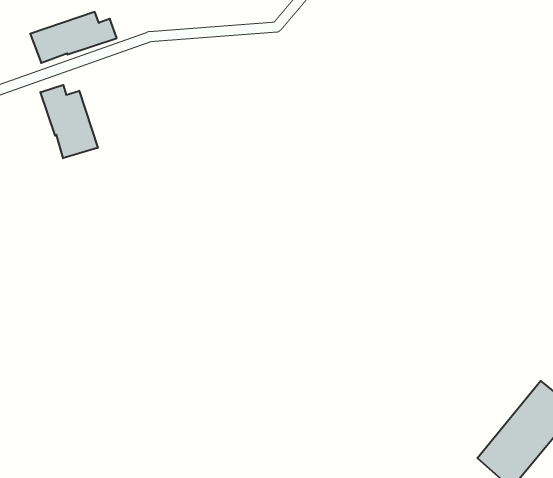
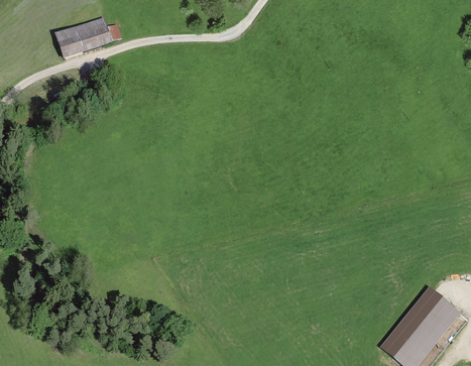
building: [40,85,98,158] -> none

